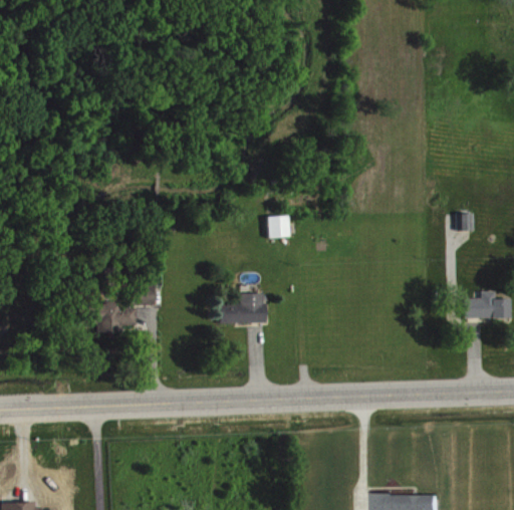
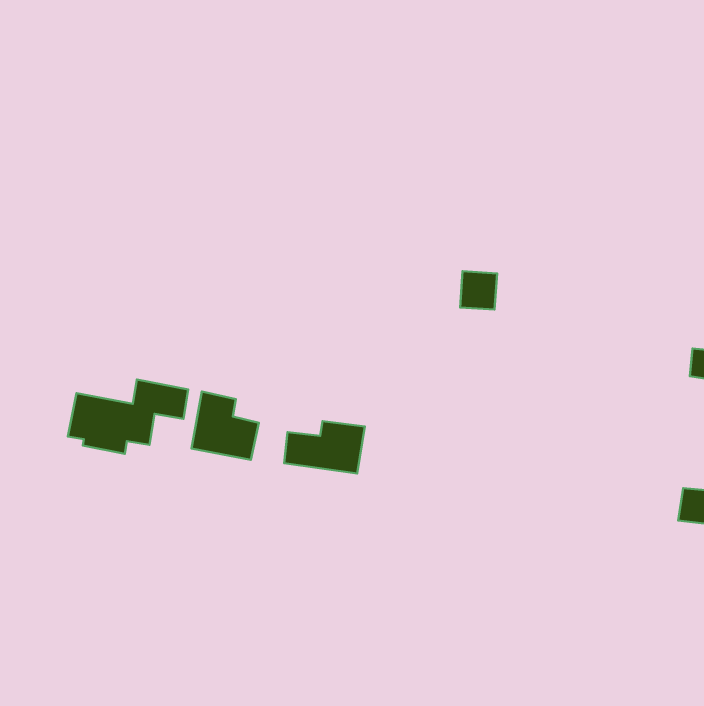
building: [266,215,289,239] -> [460,271,497,310]
building: none -> [192,392,259,460]

